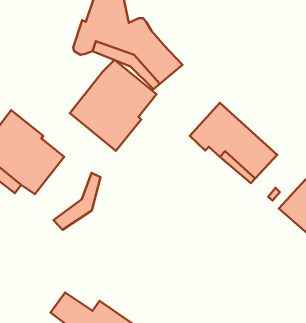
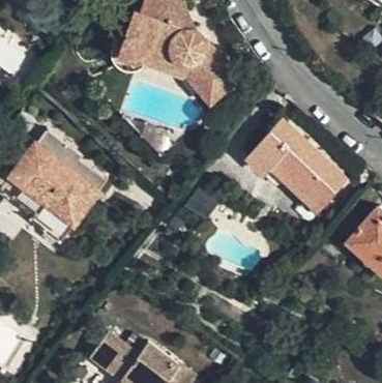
building: [70,60,156,151] -> none
building: [54,173,101,230] -> none

